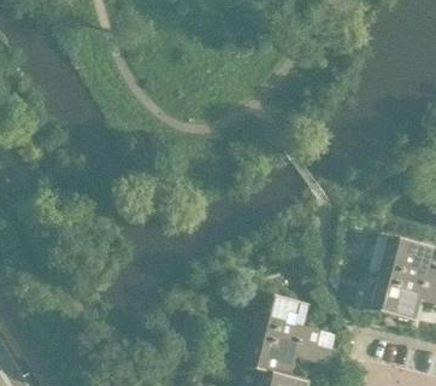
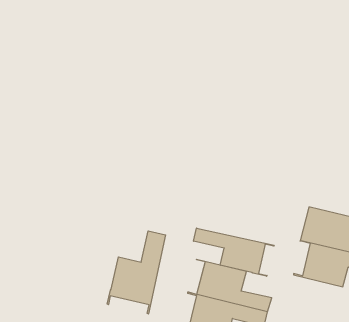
building: none -> [194,228,274,276]
building: none -> [107,231,166,314]

